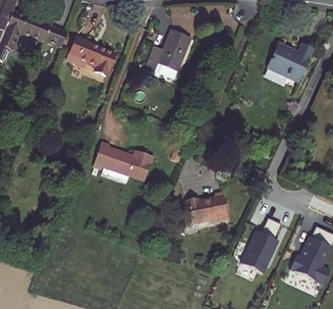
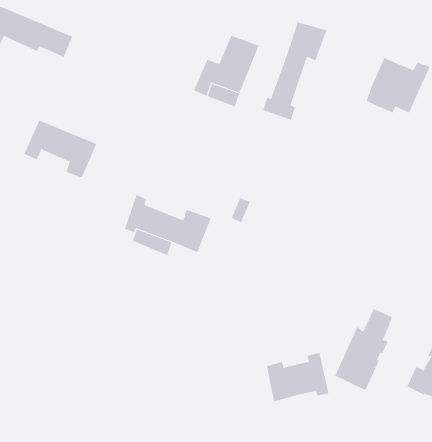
building: none -> [263,21,327,120]
building: [66,36,116,75] -> [24,120,97,178]
building: [185,188,228,221] -> [266,353,329,402]

